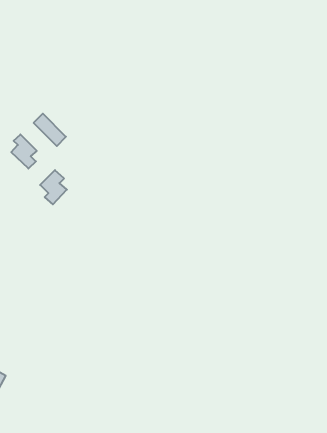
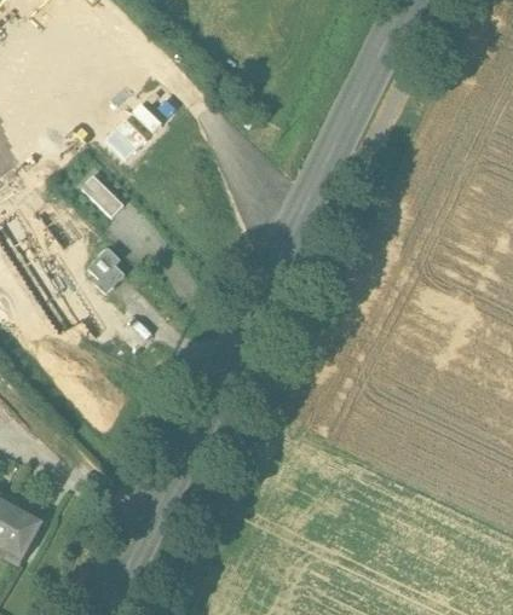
building: [11,134,37,169] -> none

